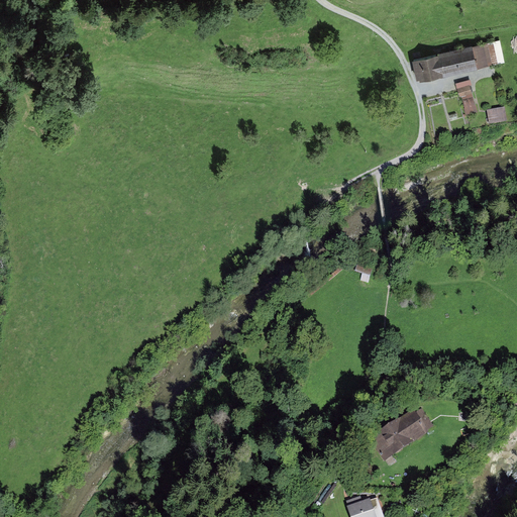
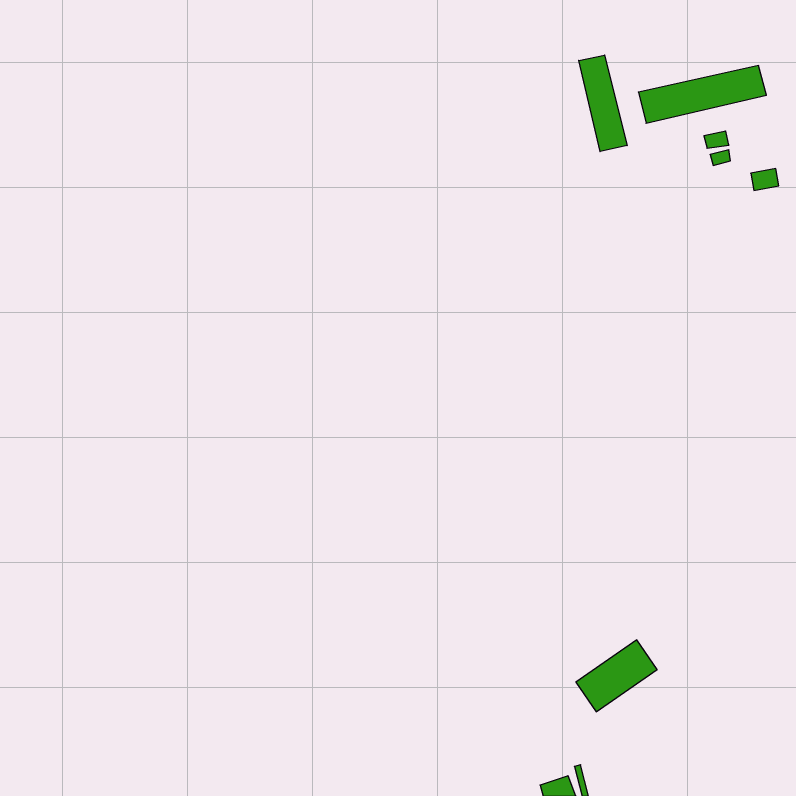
building: none -> [579,55,627,152]

